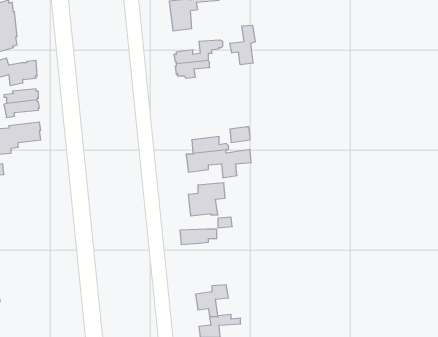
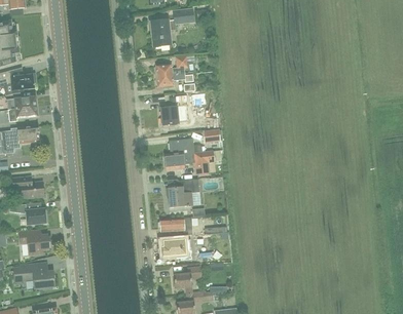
building: [230,25,255,65] -> none
building: none -> [160,94,188,123]
building: none -> [13,175,44,198]
building: none -> [8,202,46,224]
building: none -> [20,228,49,254]
building: none -> [162,236,192,258]
building: none -> [13,264,54,289]

